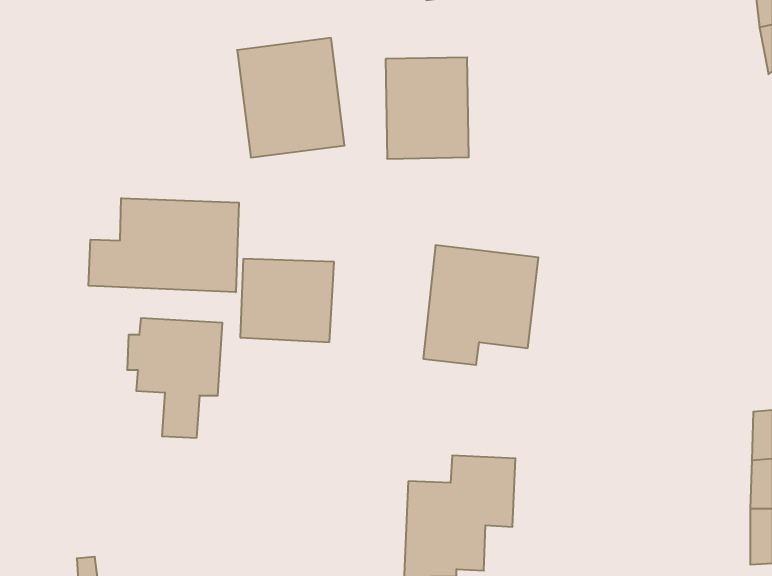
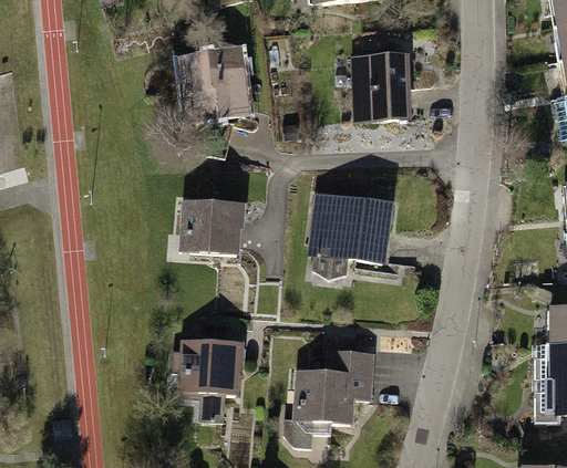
building: [386,57,469,159] -> [351,50,412,124]
building: [89,198,239,292] -> none
building: [127,318,222,438] -> [173,331,243,418]

